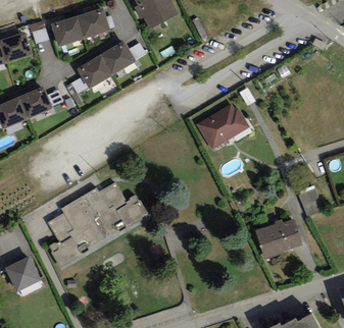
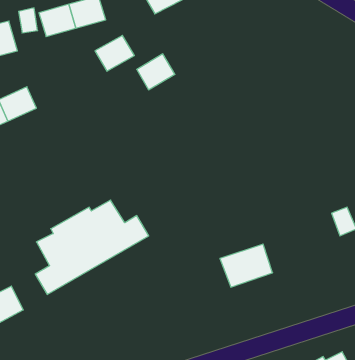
building: [77,57,109,88] -> [137,54,175,90]
building: [198,106,245,148] -> none
building: [254,221,299,258] -> [220,244,273,287]

